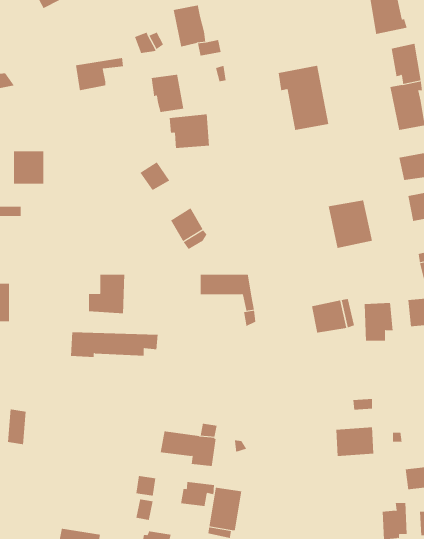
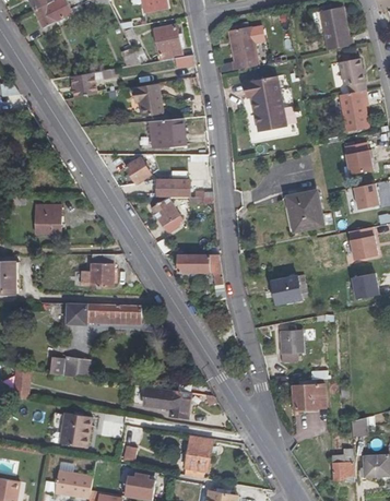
building: none -> [227,25,258,69]
building: [13,151,44,184] -> [34,204,60,232]
building: none -> [156,179,189,196]
building: [364,303,393,341] -> [279,329,304,361]
building: none -> [49,356,90,378]
building: none -> [62,411,92,446]
building: [181,481,215,507] -> none

